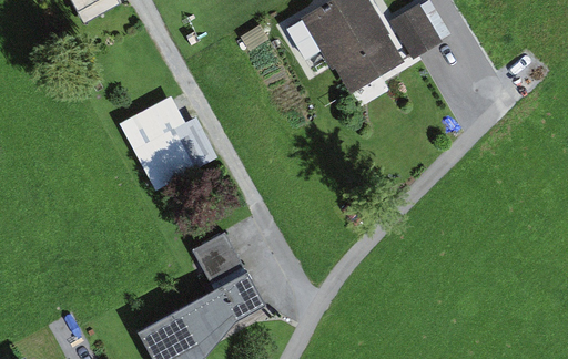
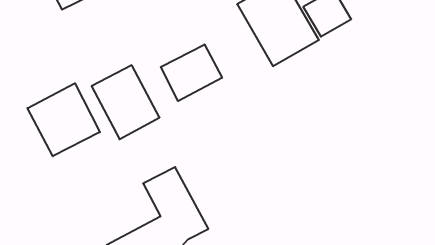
building: none -> [161,44,222,101]
building: none -> [27,83,100,156]

